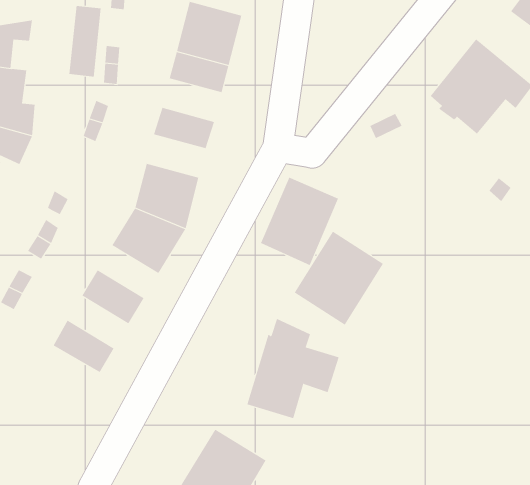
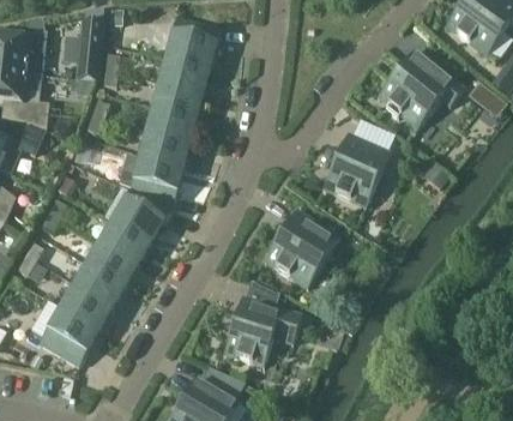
building: none -> [152,80,203,116]
building: none -> [139,127,189,163]
building: [260,177,339,266] -> [322,132,388,206]
building: none -> [98,219,150,264]
building: none -> [73,261,125,306]
building: none -> [38,303,101,366]

